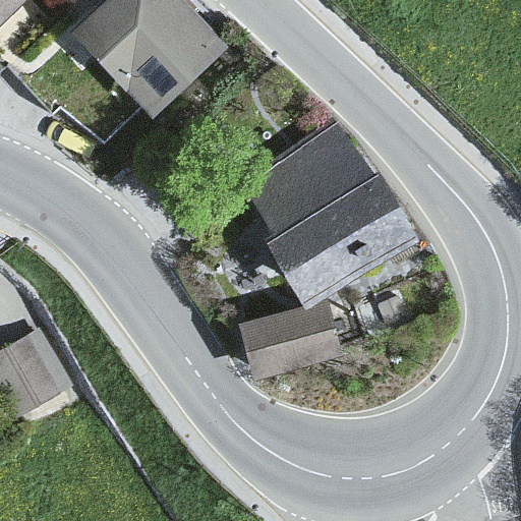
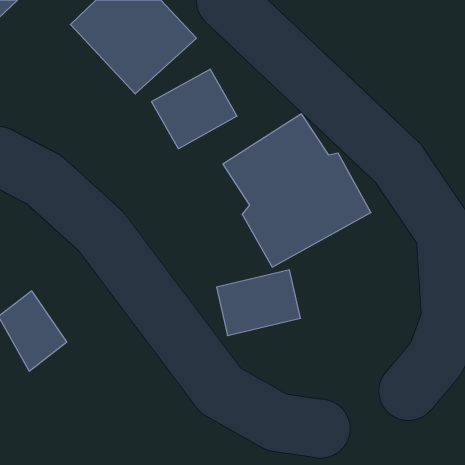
building: none -> [152,69,237,149]

